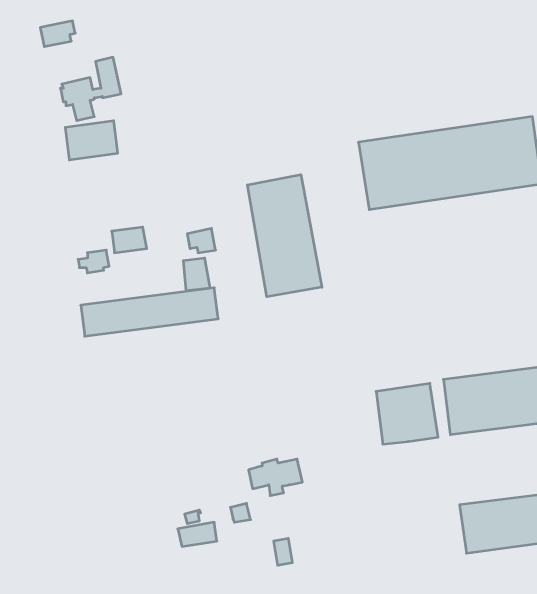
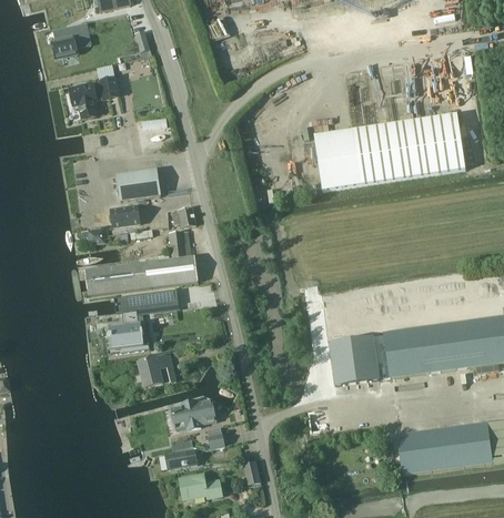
building: [65,121,118,160] -> [117,169,160,201]
building: [247,175,322,297] -> none
building: none -> [109,290,179,353]
building: none -> [138,355,175,387]
building: [249,459,302,496] -> [171,399,215,429]
building: none -> [178,474,221,499]

